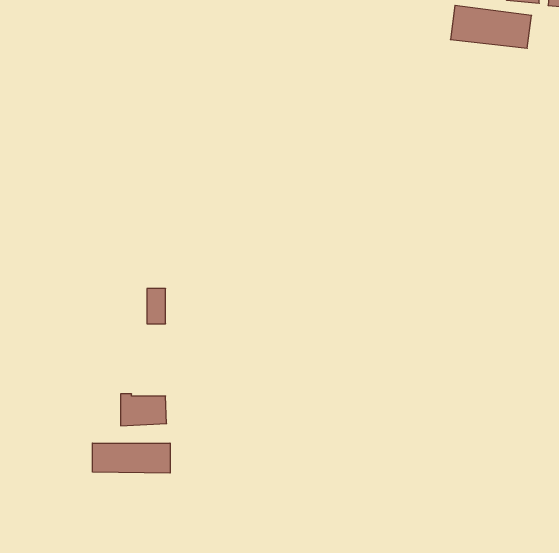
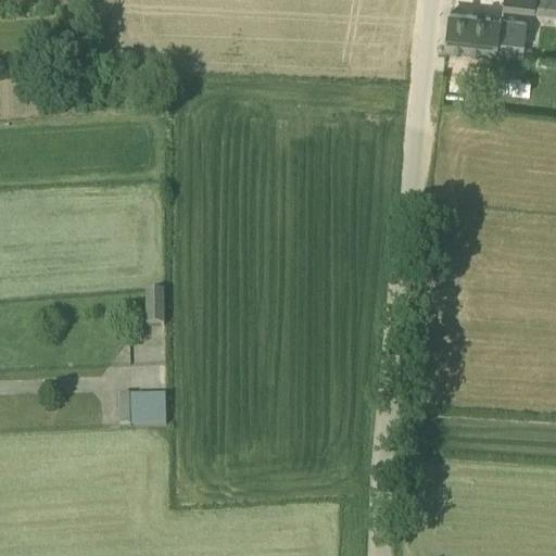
building: [92,443,170,473] -> none

